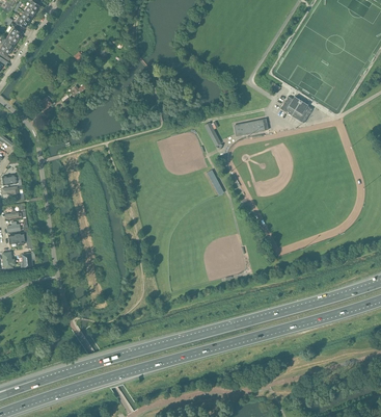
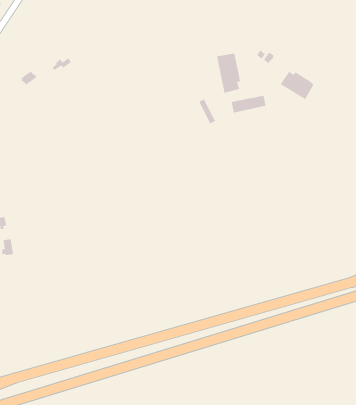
building: none -> [216,53,242,93]

